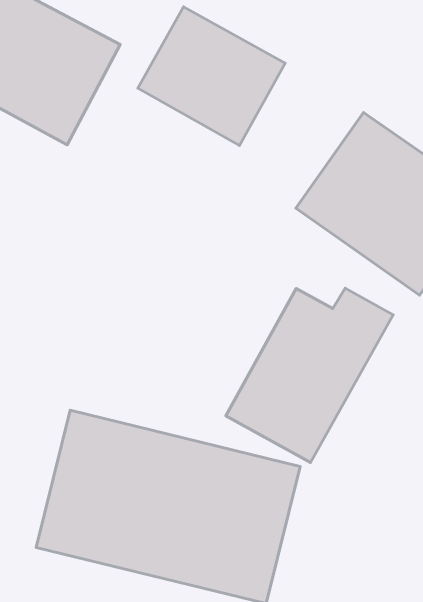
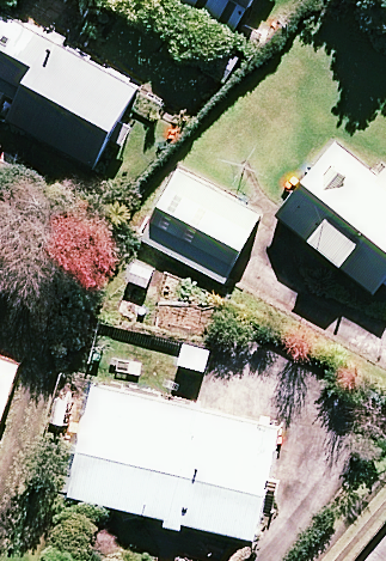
building: [138,7,285,146] -> [137,171,257,283]
building: [226,288,393,462] -> none

